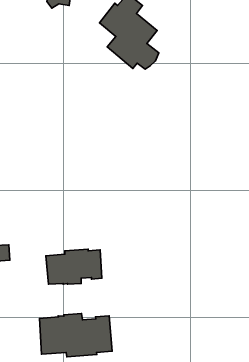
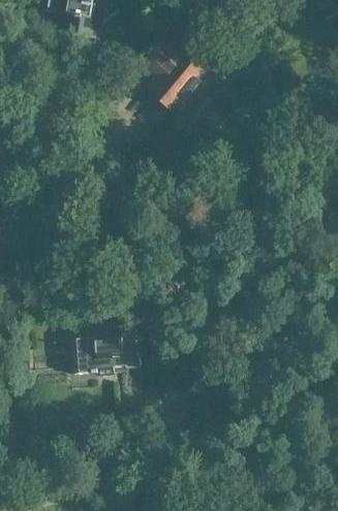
building: [39,313,112,357] -> none

